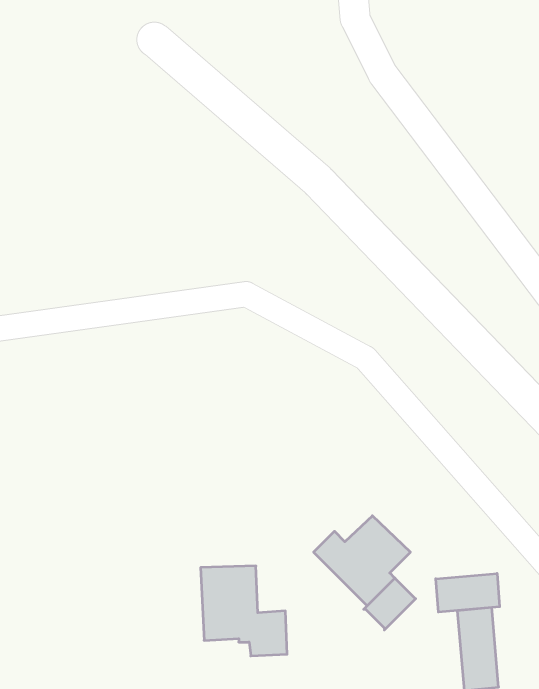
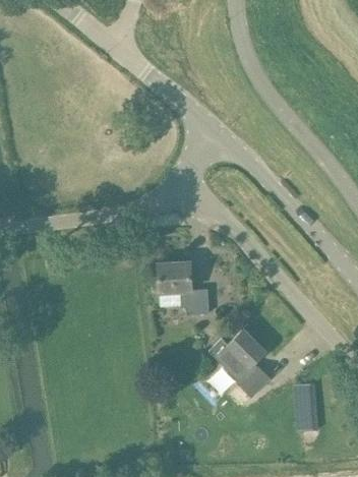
building: [201,566,287,656] -> [159,262,210,315]
building: [436,573,500,612] -> none

